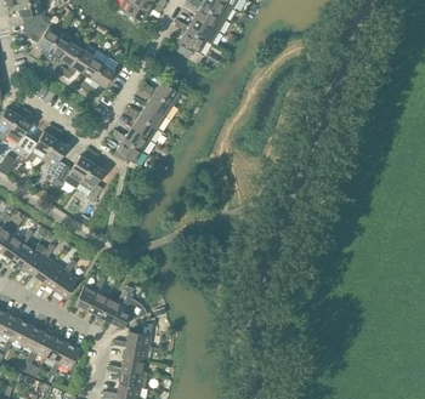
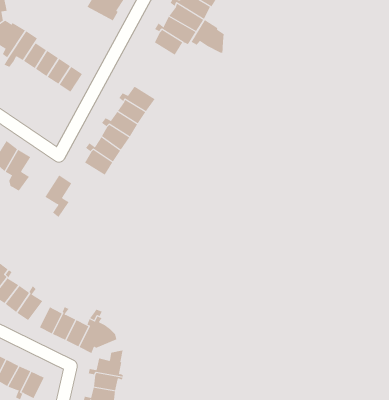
building: none -> [191,19,224,54]
building: [52,155,92,190] -> none

